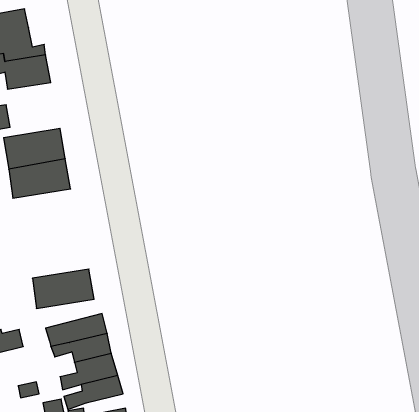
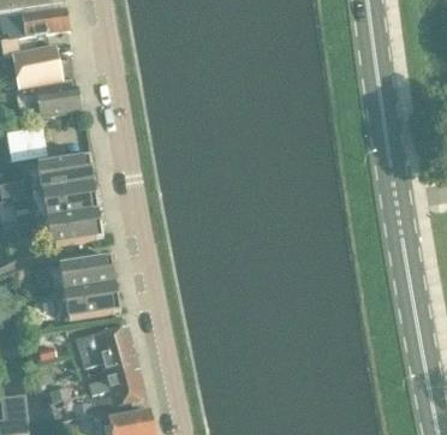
building: none -> [44,209,101,245]
building: none -> [58,254,114,291]

